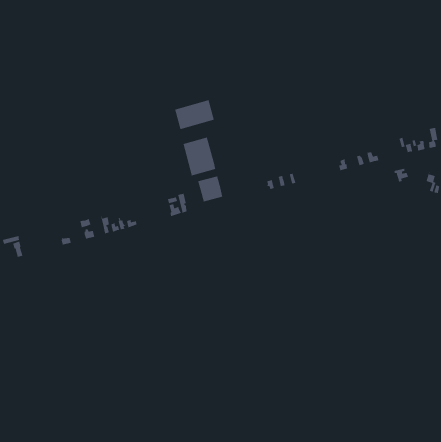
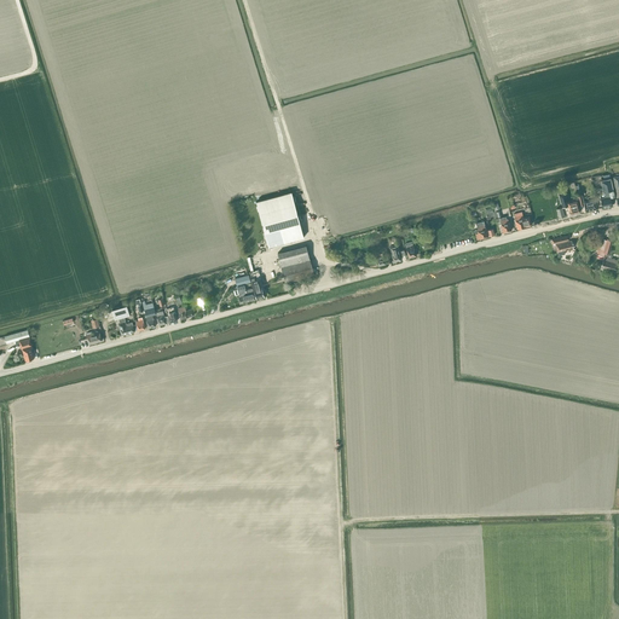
building: [174,99,215,130] -> none

